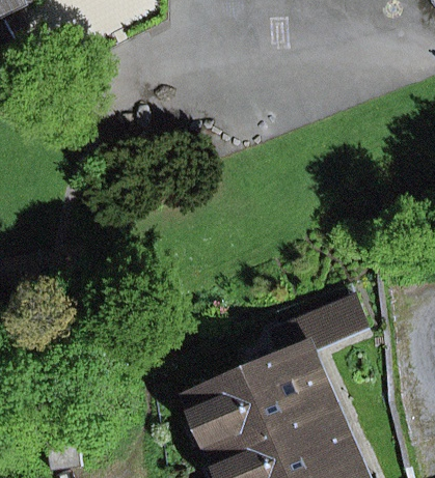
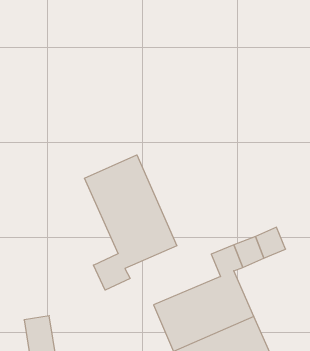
building: none -> [84,155,177,290]

